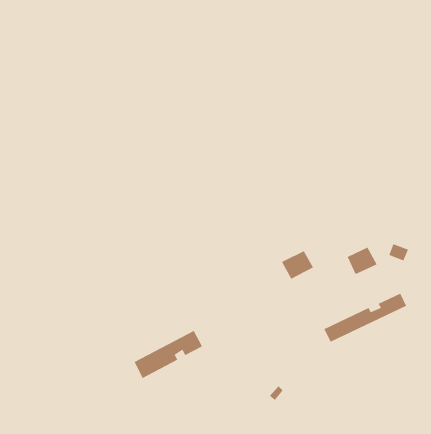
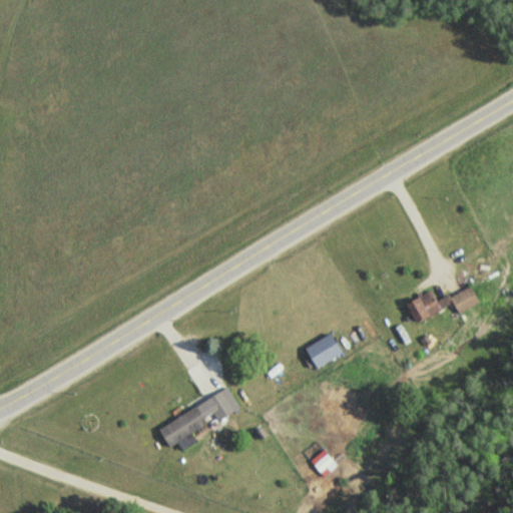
building: [281,251,314,280] -> [306,334,344,368]
building: [324,293,407,343] -> none

